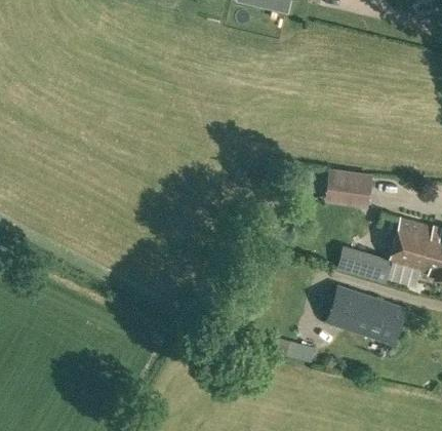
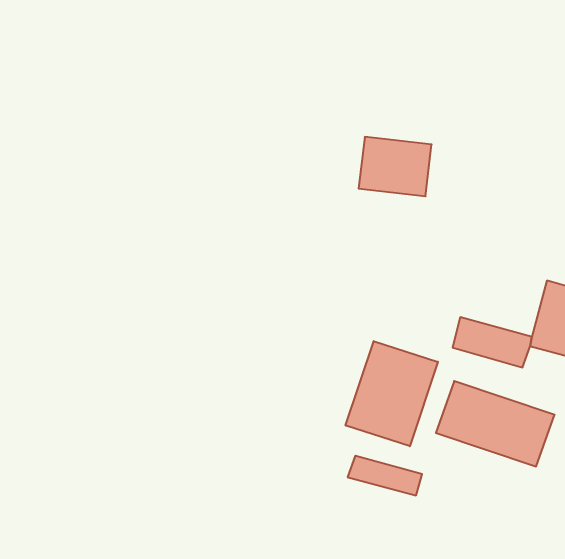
building: [325,169,374,209] -> [359,137,432,196]
building: none -> [346,341,438,446]

